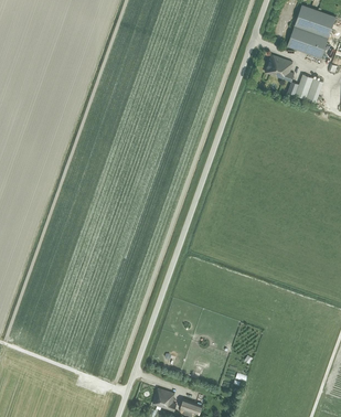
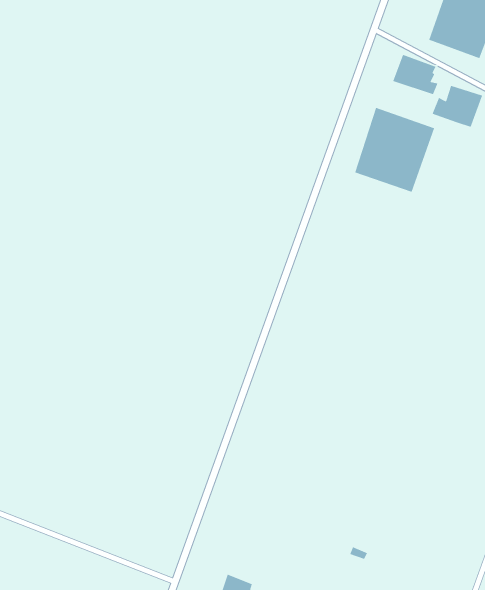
building: none -> [354,107,435,193]

